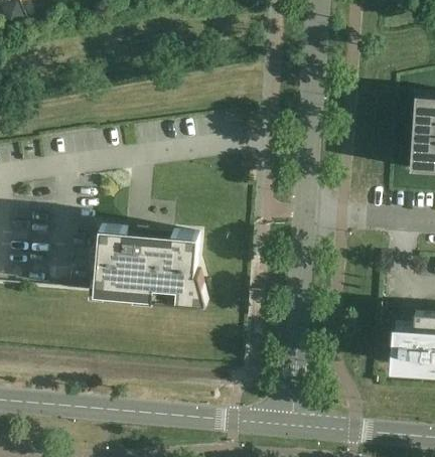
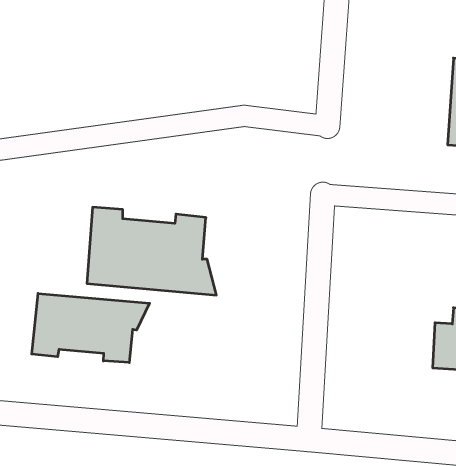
building: none -> [32,293,150,363]

